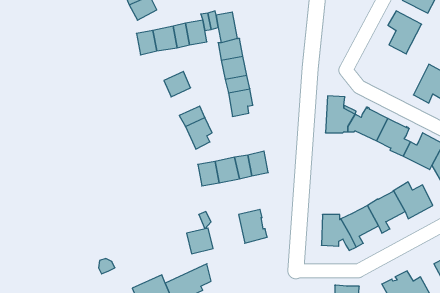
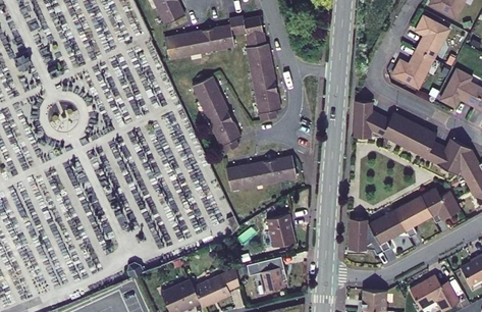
building: none -> [391,49,433,88]
building: none -> [199,92,227,119]
building: [187,228,213,254] -> [258,266,284,292]

